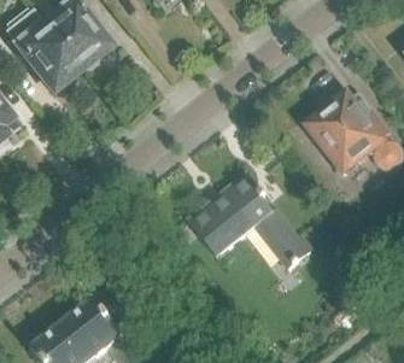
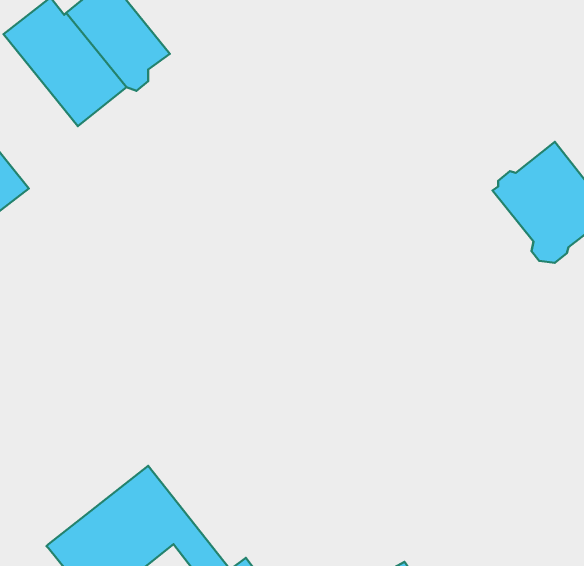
building: [188,170,310,267] -> none

